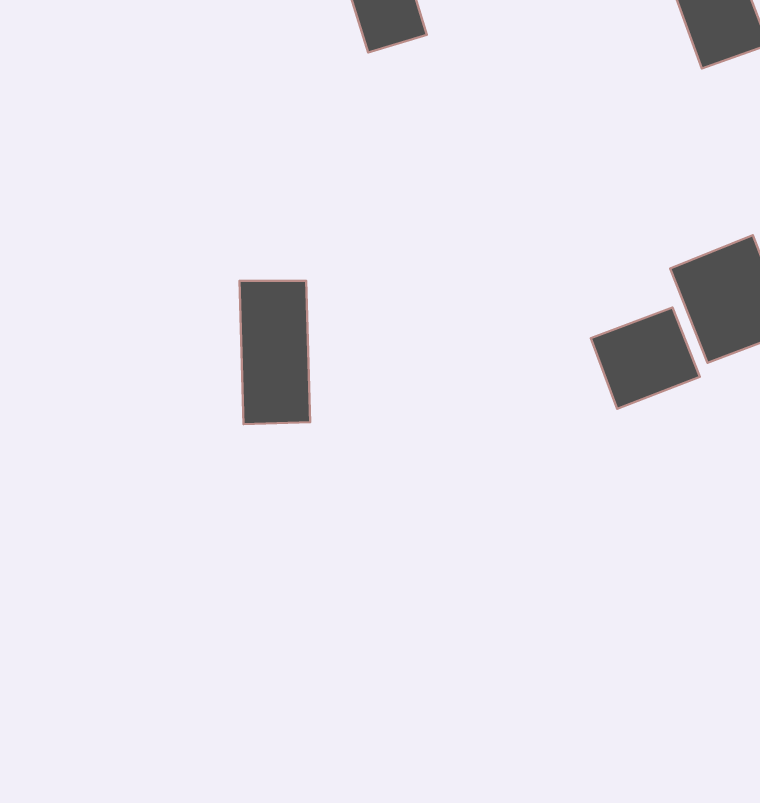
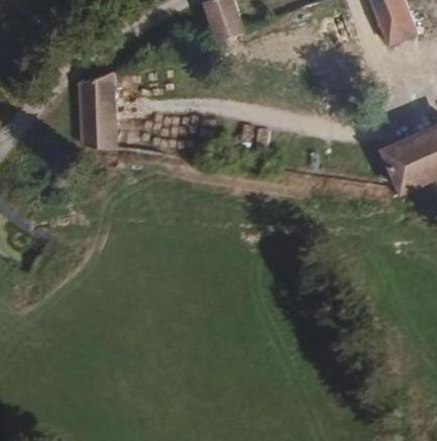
building: [240,281,310,424] -> [80,77,116,150]
building: [591,307,700,409] -> none

